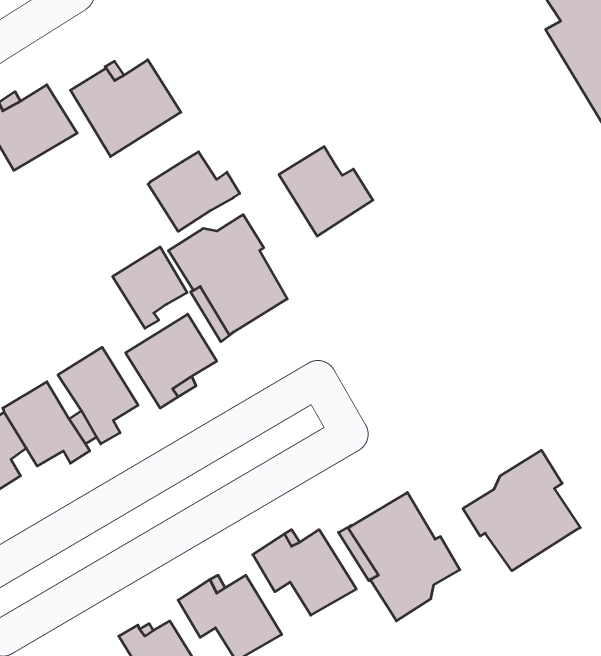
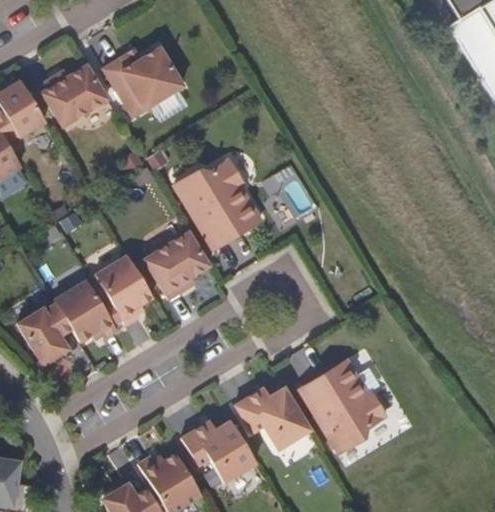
building: [279,147,373,236] -> none
building: [148,152,240,231] -> none
building: [113,247,187,328] -> none
building: [463,450,580,571] -> none

